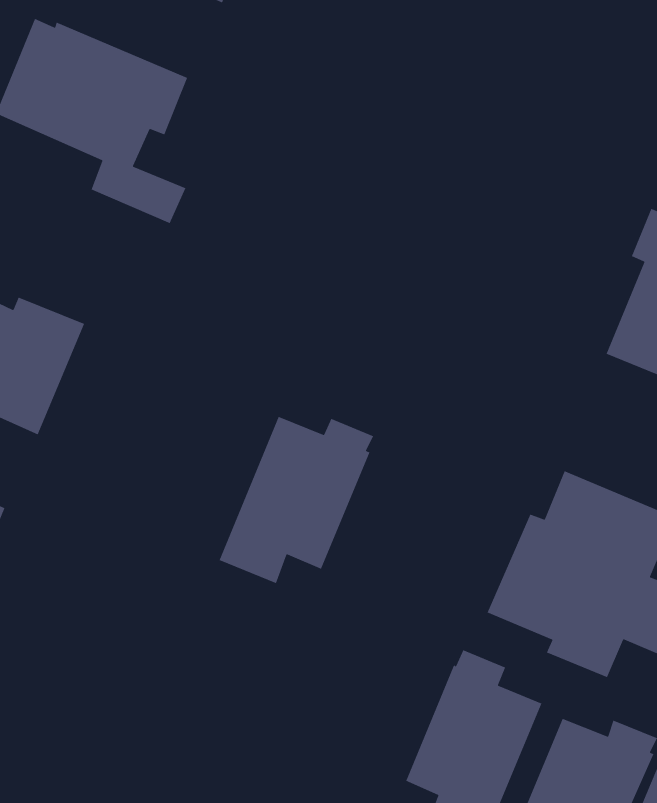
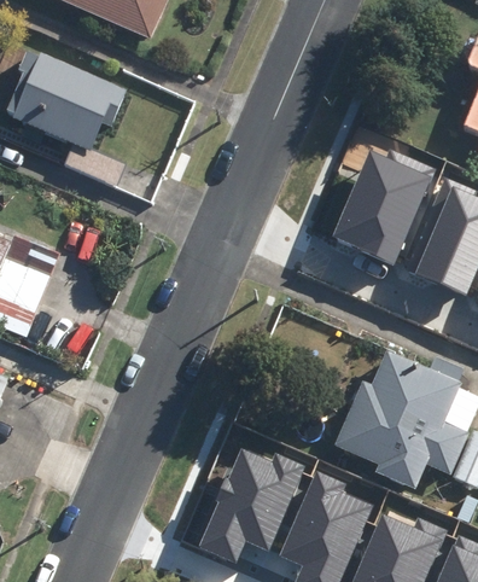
building: none -> [332,149,435,262]
building: [219,416,374,584] -> [199,449,303,561]

